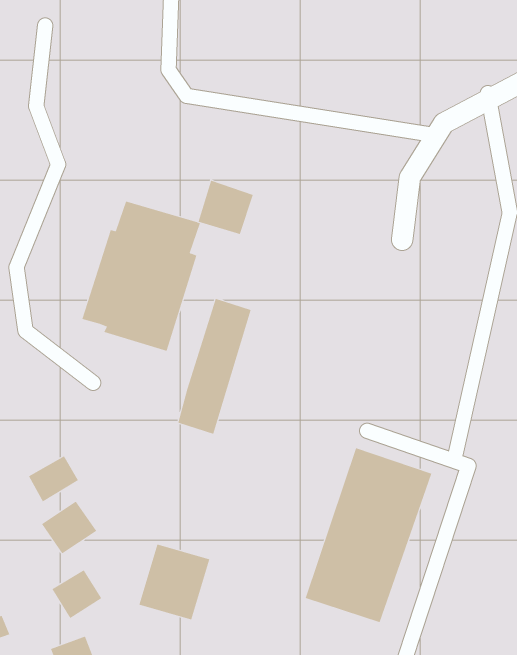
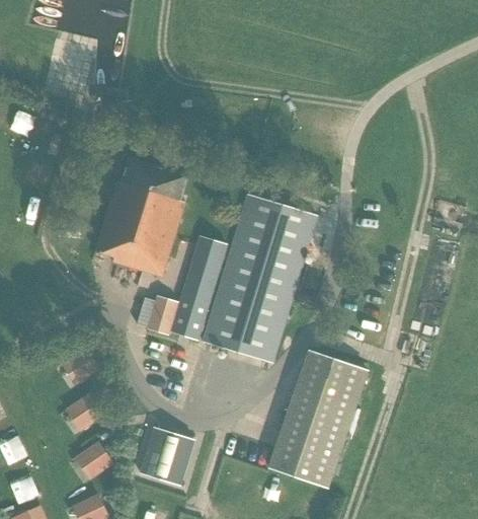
building: [198,180,253,235] -> none
building: none -> [203,193,318,361]
building: none -> [145,298,177,339]

